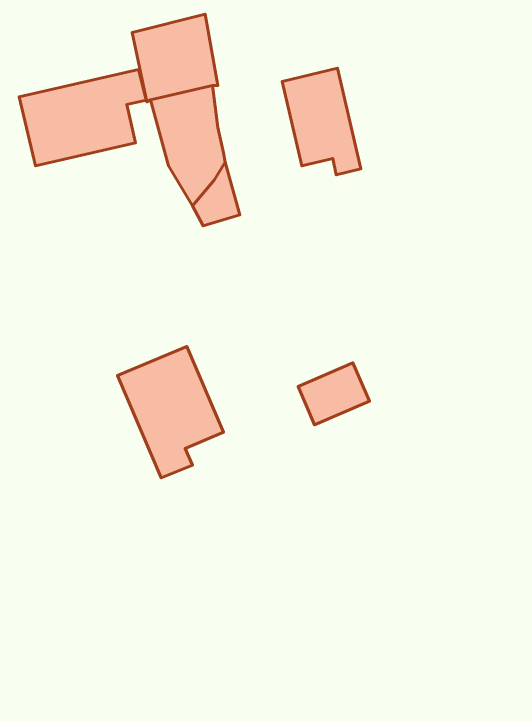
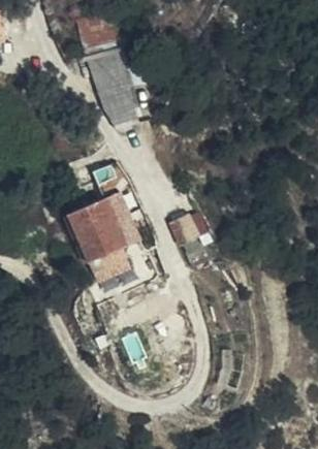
building: [282,68,361,175] -> none
building: [19,69,146,166] -> none

